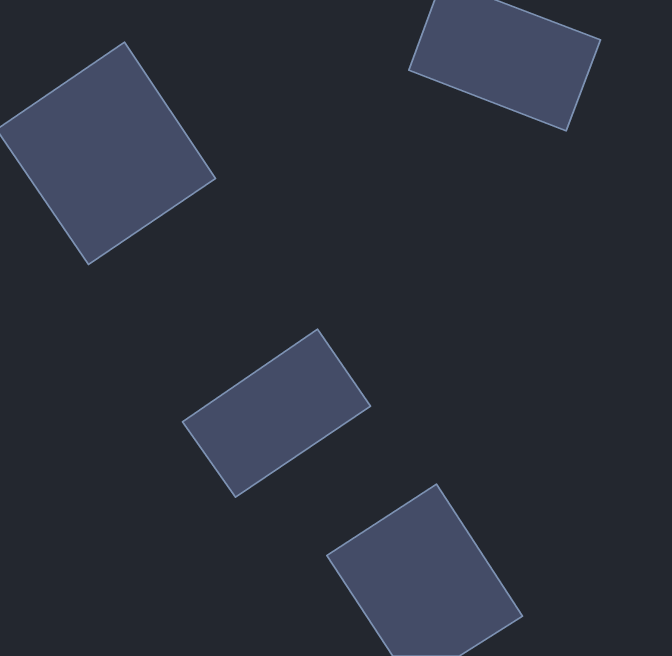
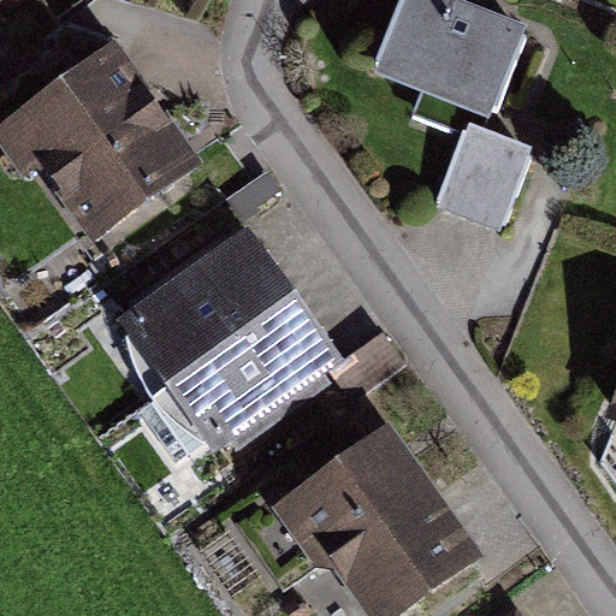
building: none -> [430,132,537,232]
building: none -> [119,231,289,384]

